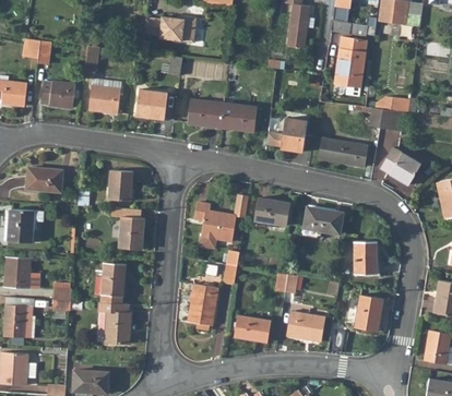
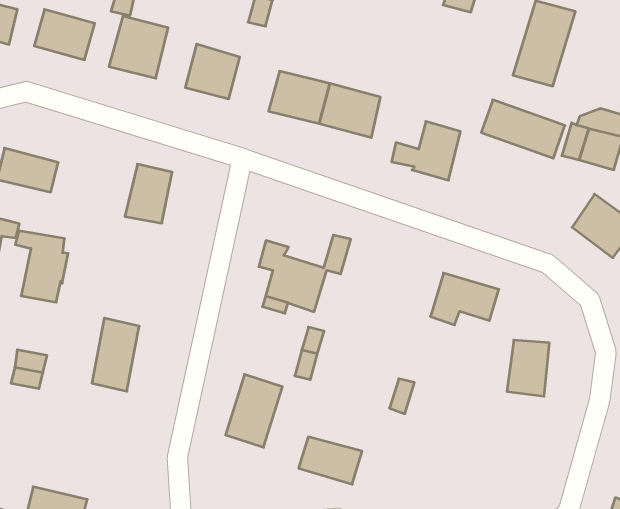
building: [319,137,369,168] -> [481,100,565,158]
building: [254,197,289,226] -> none
building: [112,208,145,249] -> [15,231,68,302]
building: [354,297,383,332] -> none
building: [99,303,133,345] -> none
building: [286,313,325,344] -> none

